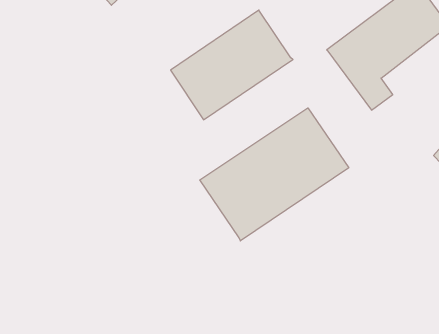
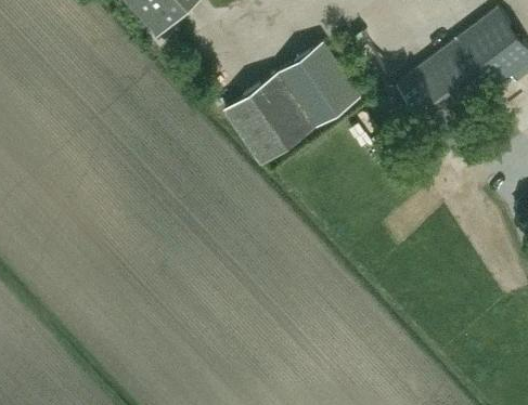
building: [200,108,349,241] -> none

